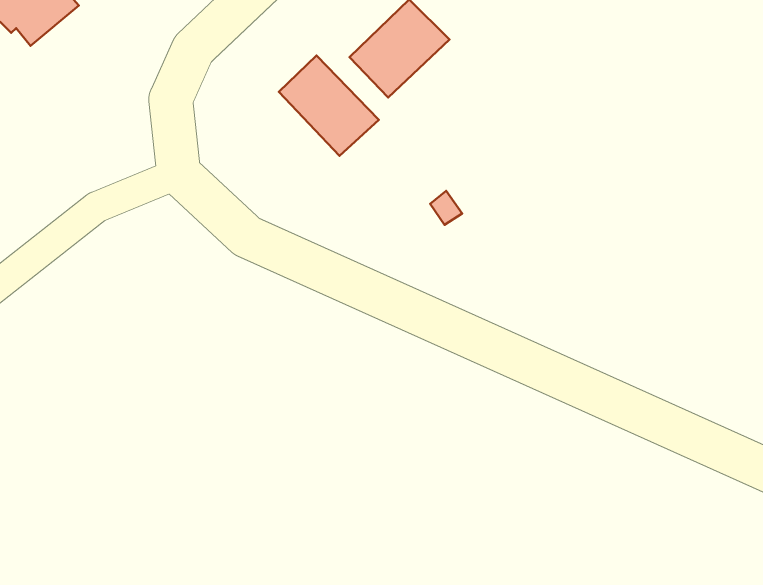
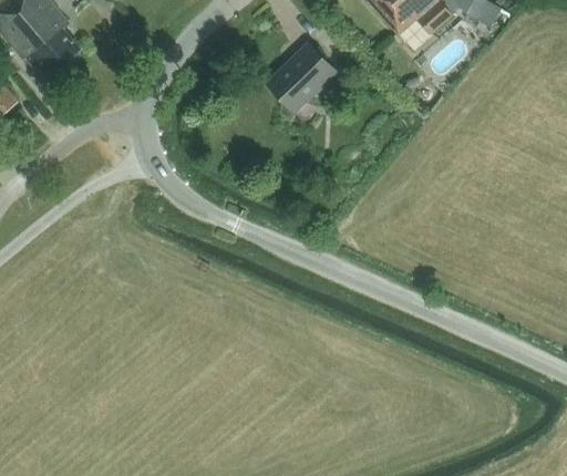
building: [279,56,379,156] -> none

